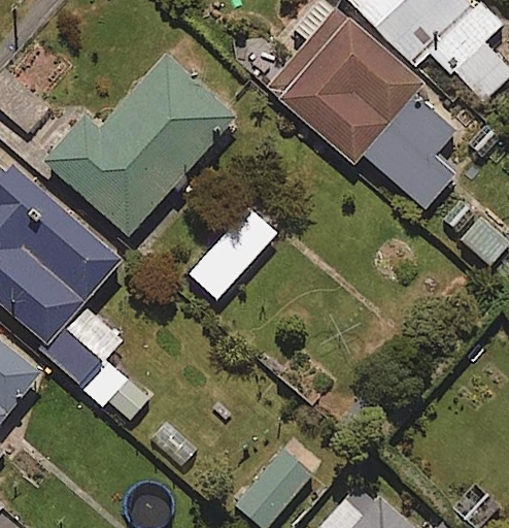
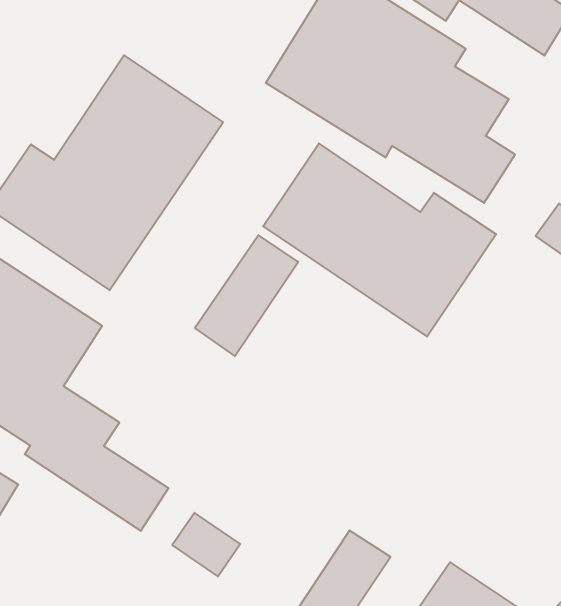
building: none -> [263,143,496,337]

